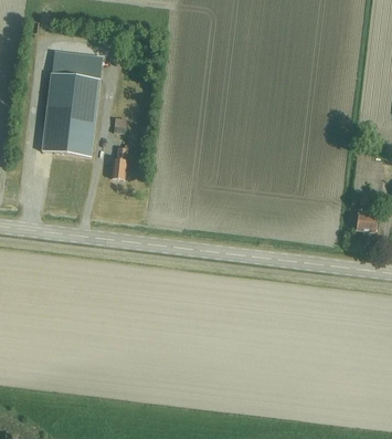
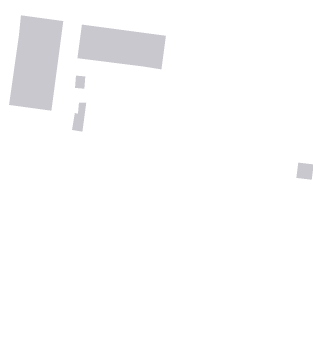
building: none -> [77,24,166,70]

